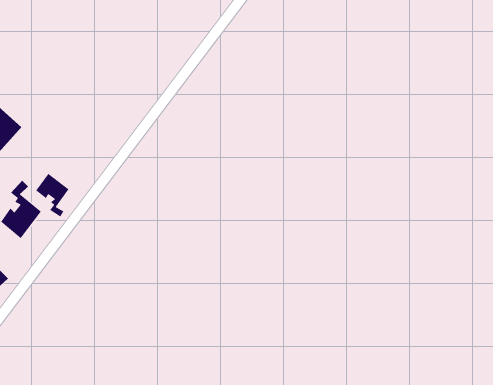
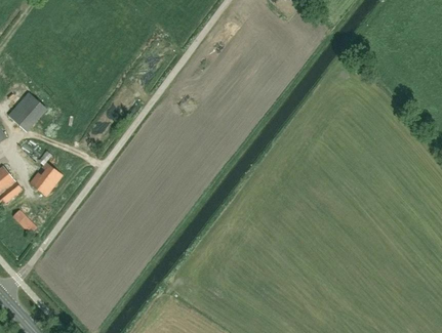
building: [35,173,70,218] -> none

